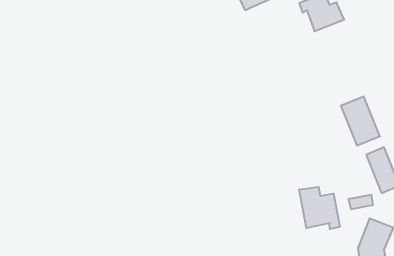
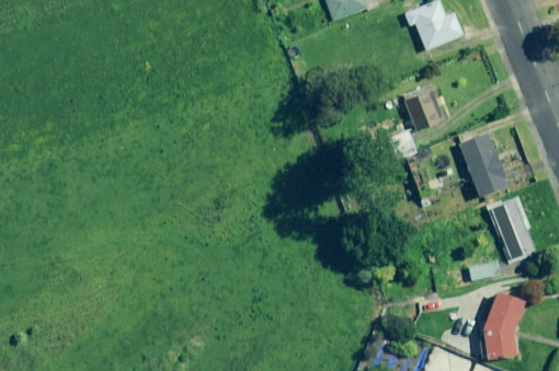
building: none -> [392,81,443,131]
building: [299,187,340,229] -> none

